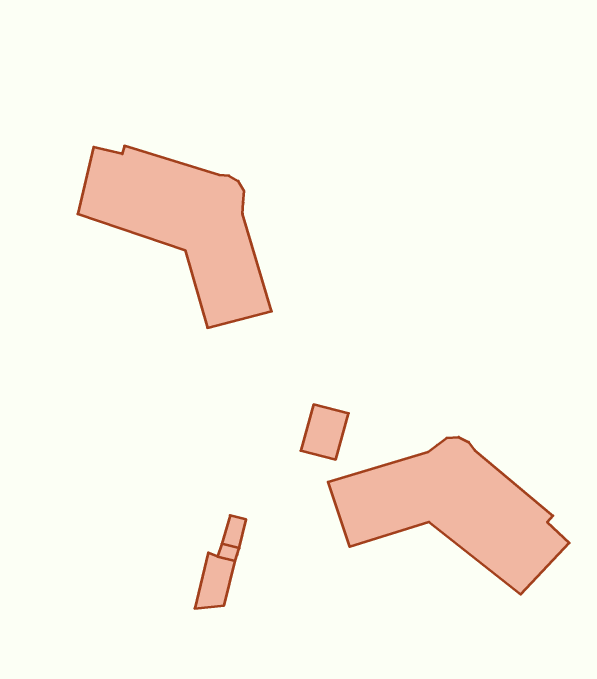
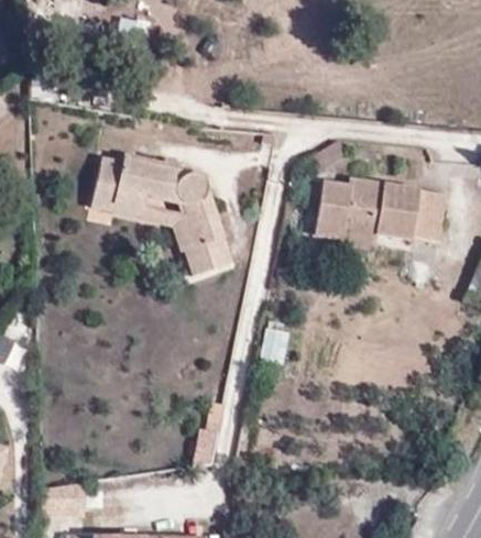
building: none -> [316,178,444,245]
building: [328,437,569,594] -> none

